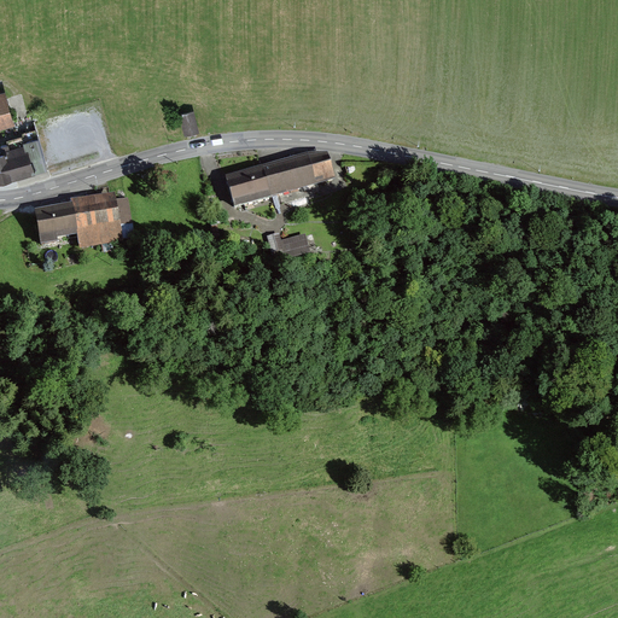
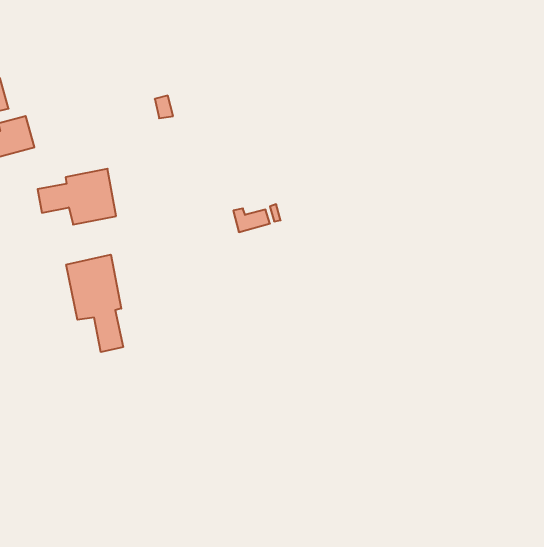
building: [222,152,326,206] -> none
building: none -> [66,255,123,352]

